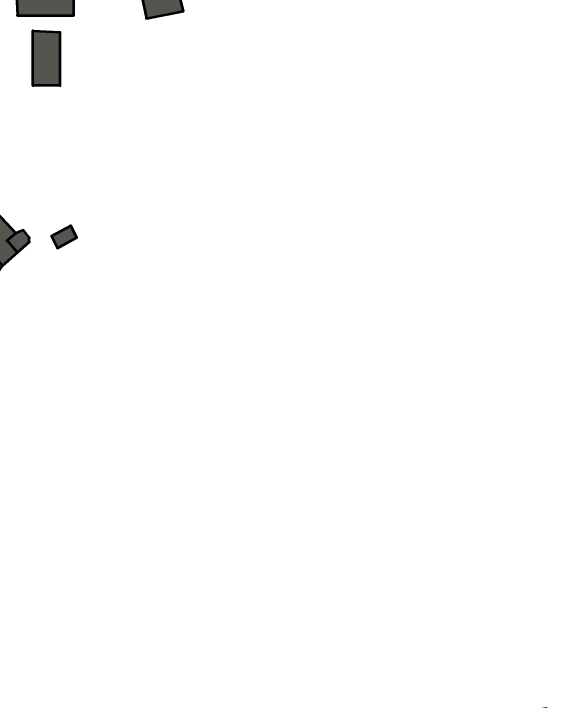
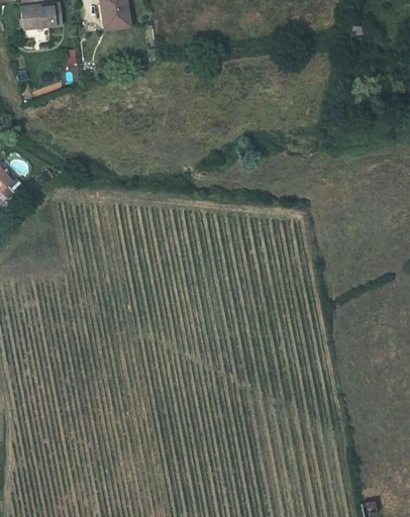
building: [33,31,60,86] -> none

